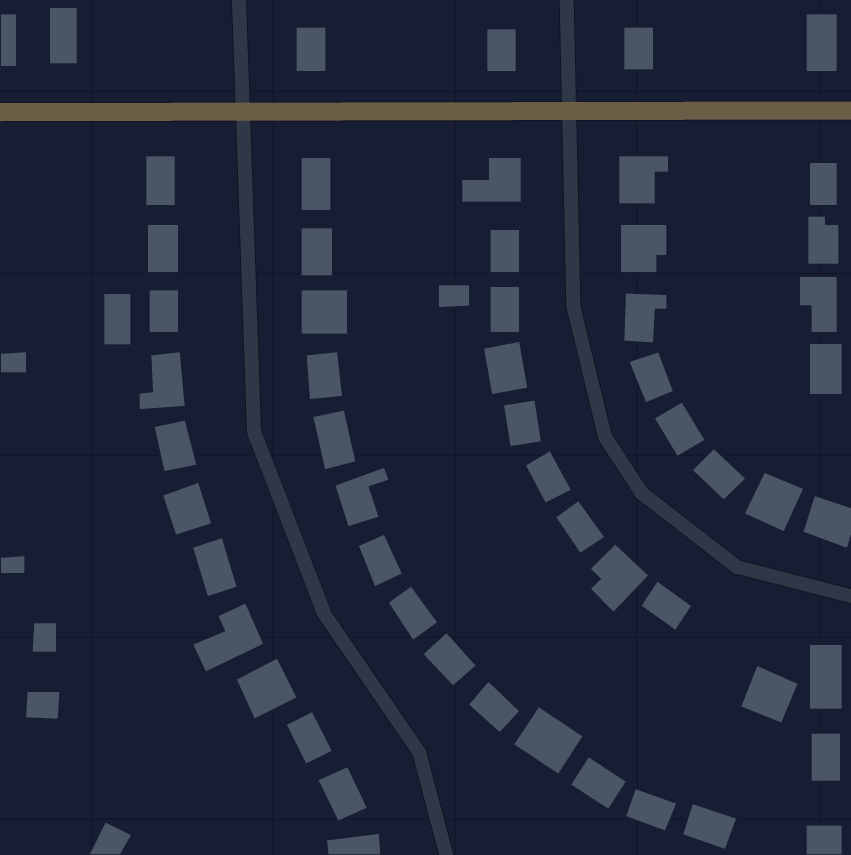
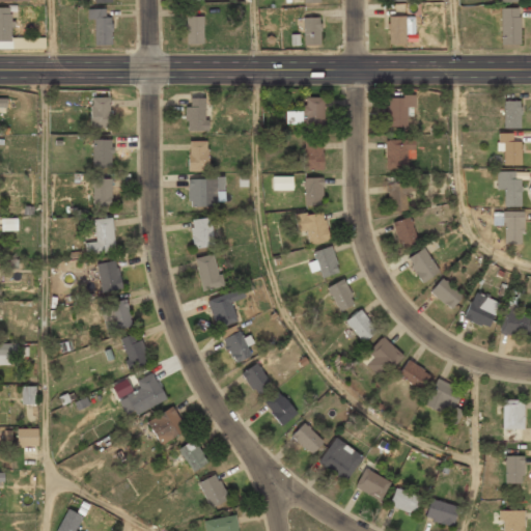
building: [49,7,78,64] -> [95,8,113,44]
building: [103,293,131,345] -> none
building: [740,665,799,724] -> [427,379,464,415]

